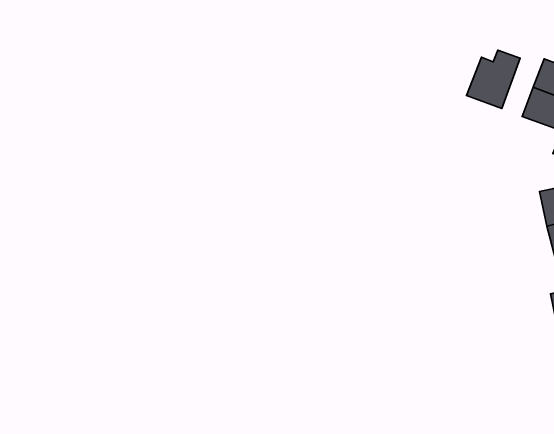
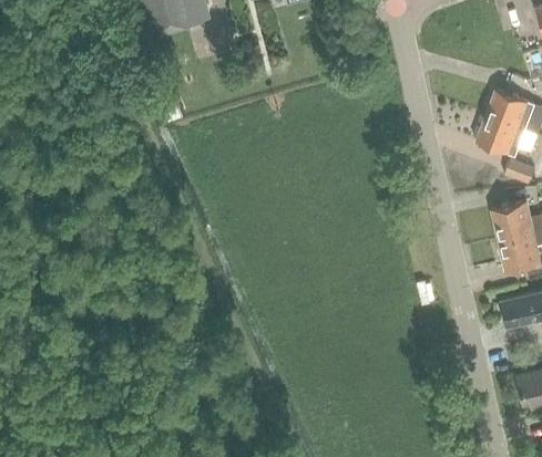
building: [467,50,520,109] -> none

